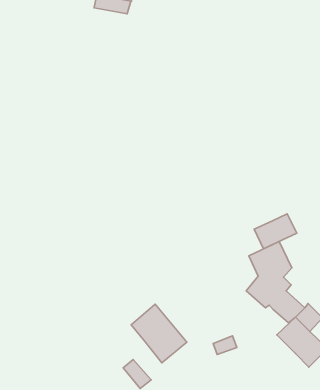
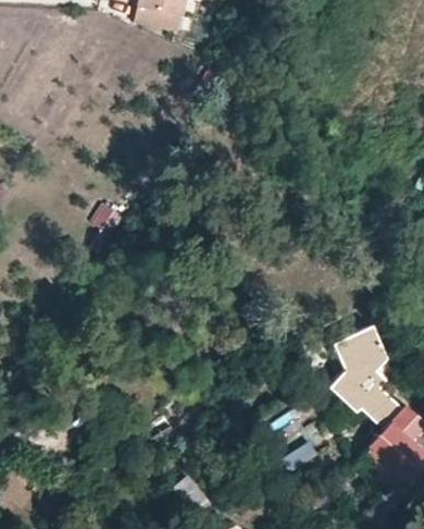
building: [254,214,297,249] -> none
building: [131,304,187,363] -> none

